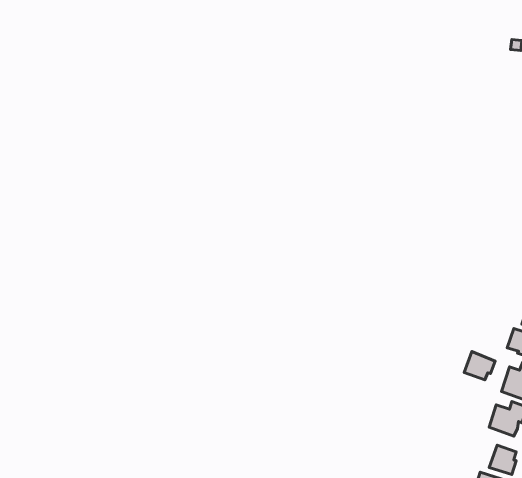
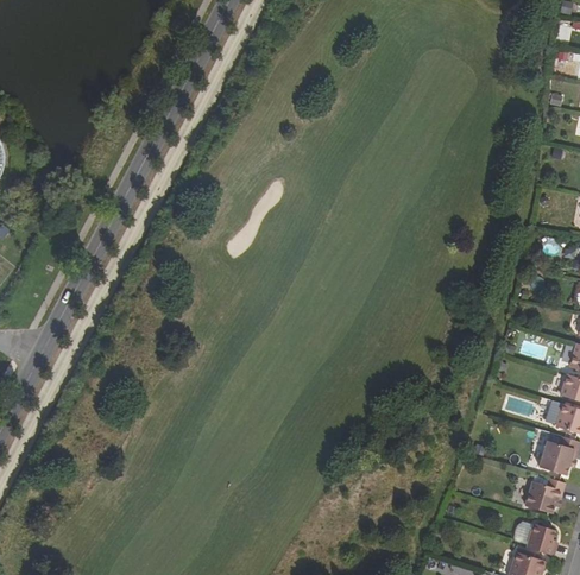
building: [464,352,495,380] -> none

